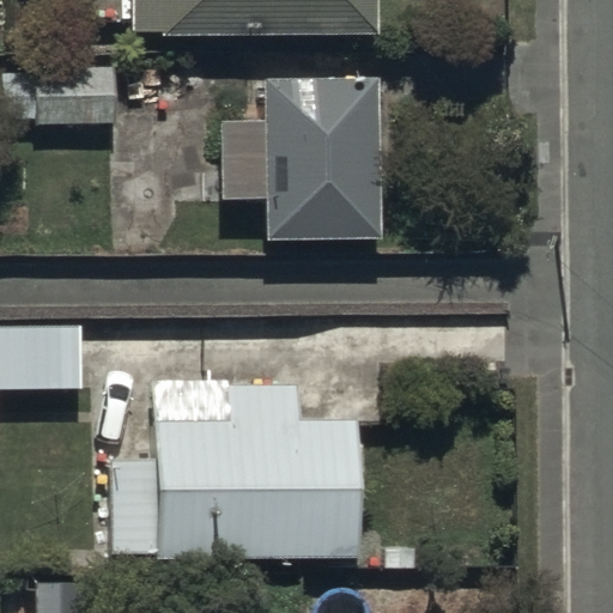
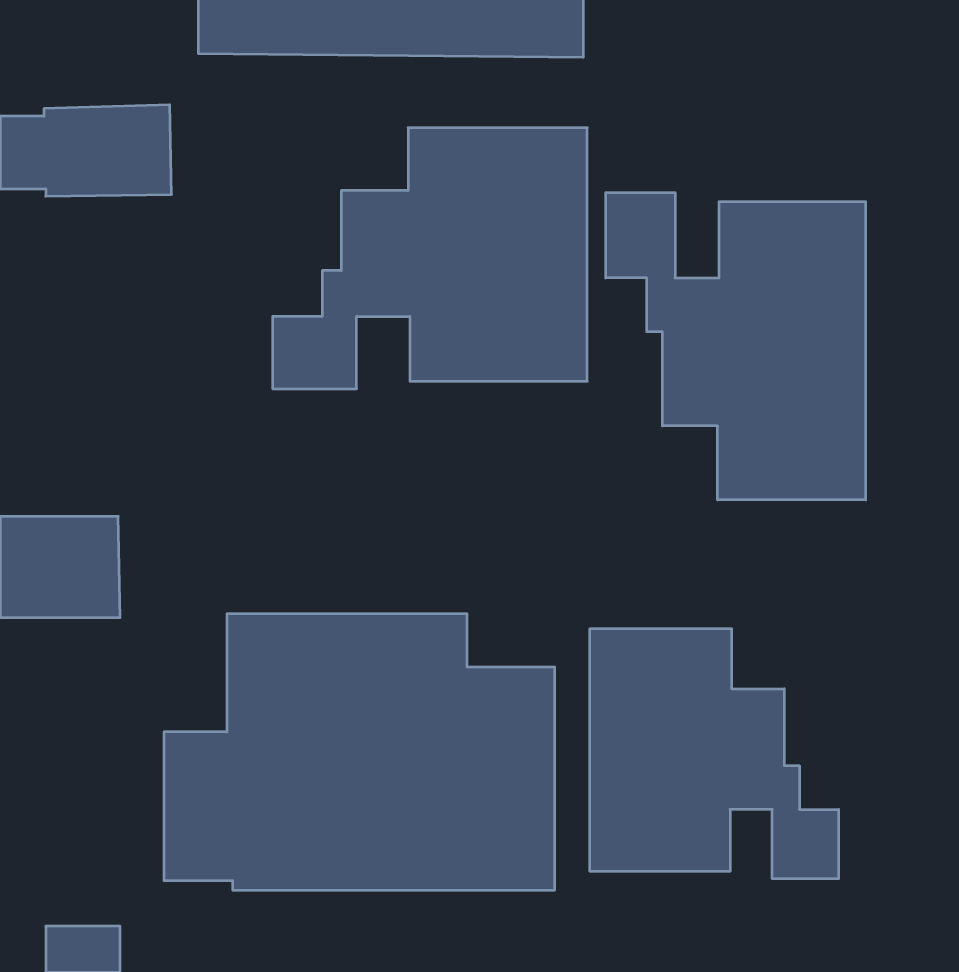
building: none -> [606,193,866,500]
building: none -> [590,629,839,879]

